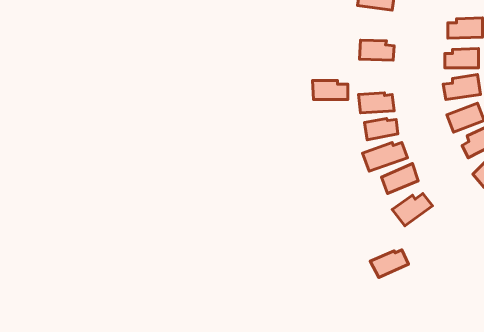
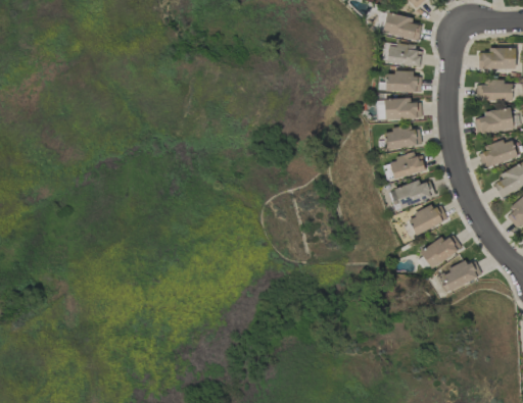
building: none -> [387,45,422,66]
building: [312,80,348,100] -> [384,99,422,119]
building: [370,250,409,278] -> [441,261,482,291]

